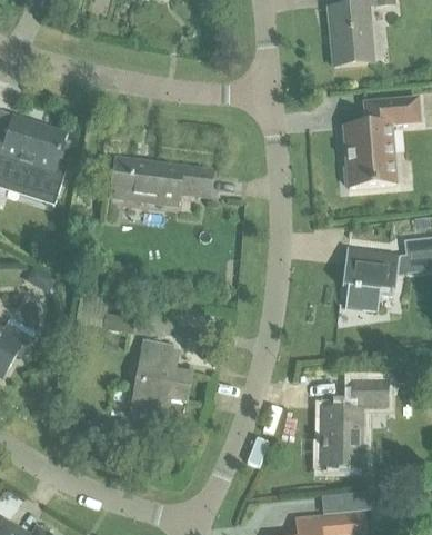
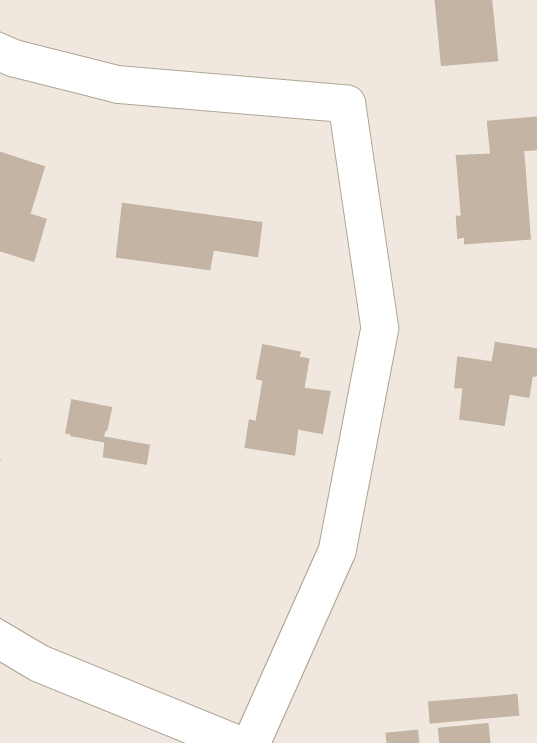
building: [131,339,191,416] -> [243,343,332,456]
building: [322,379,384,466] -> none

